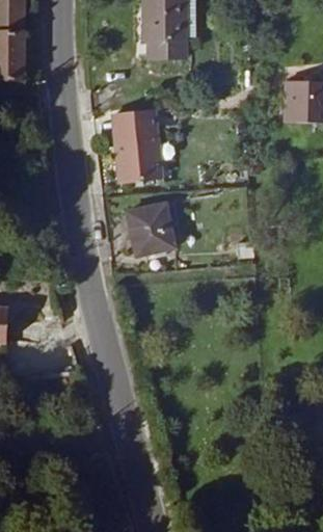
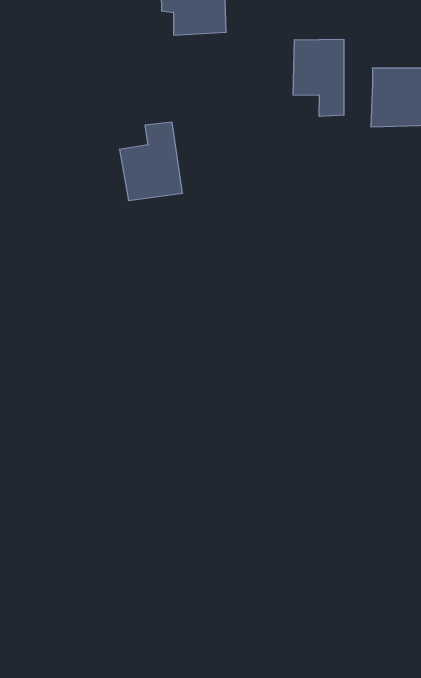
building: none -> [293,39,344,116]
building: [131,213,177,268] -> none

